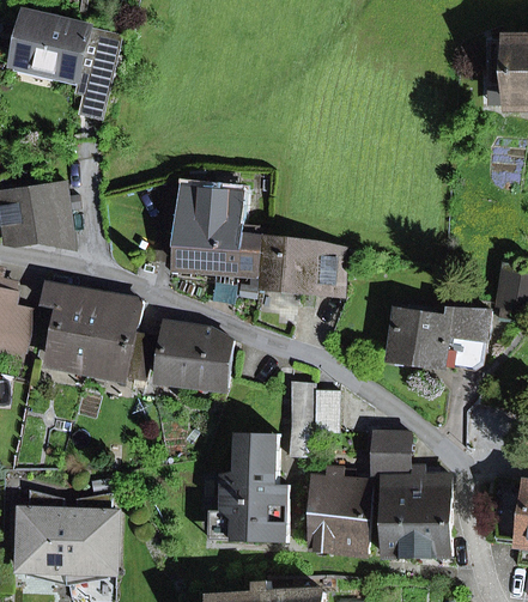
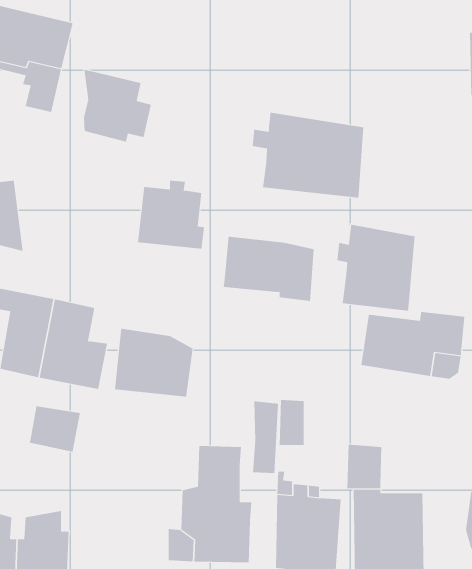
building: none -> [84,69,152,142]
building: none -> [252,112,364,198]
building: none -> [337,224,415,311]
building: [177,227,265,276] -> none
building: none -> [29,405,81,453]

